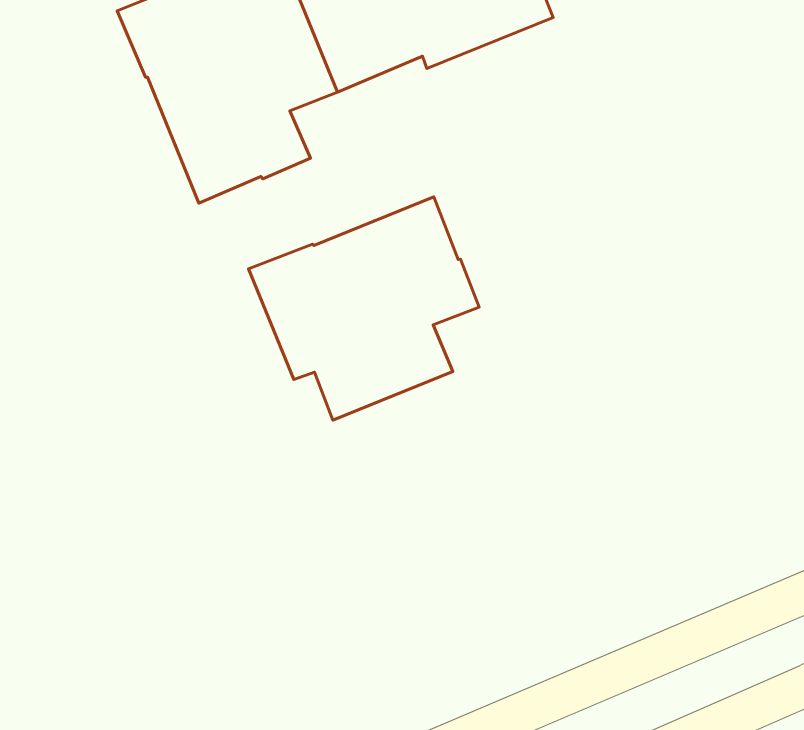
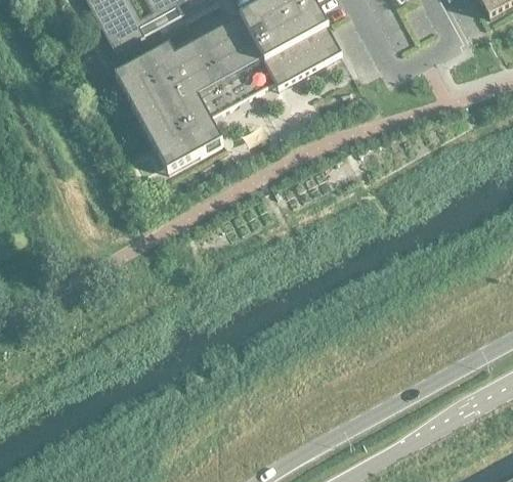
building: [249,197,479,420] -> none

